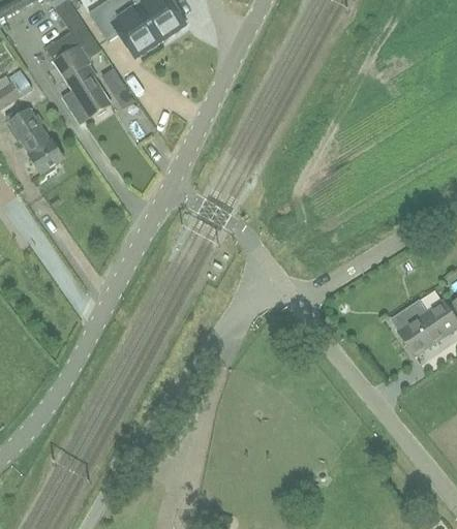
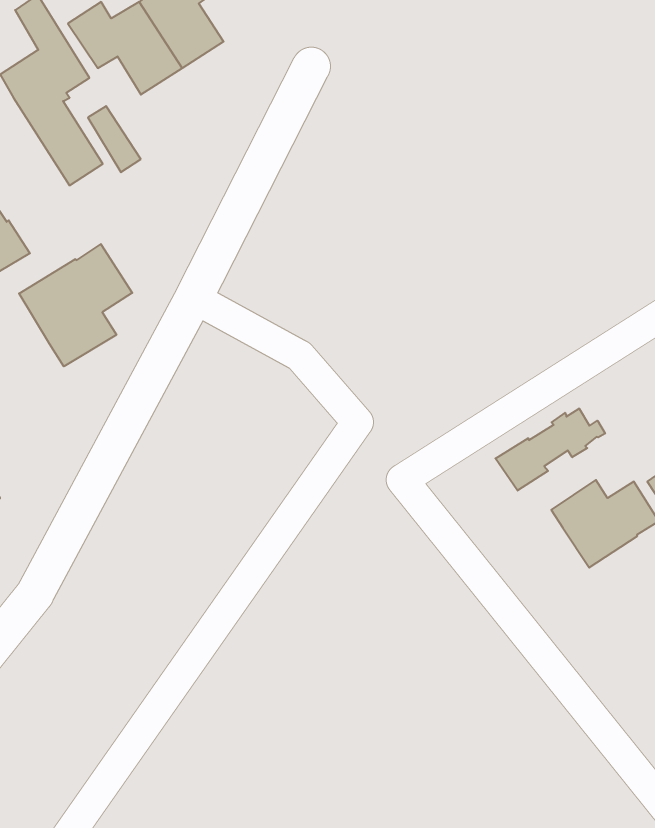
building: none -> [19,244,132,366]
building: none -> [495,408,605,491]

